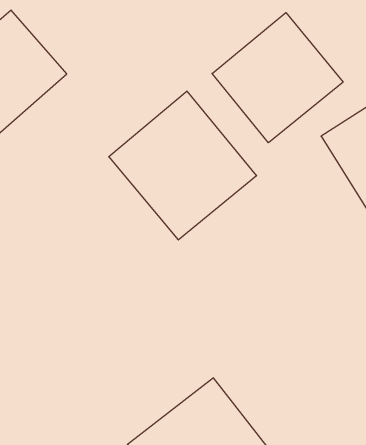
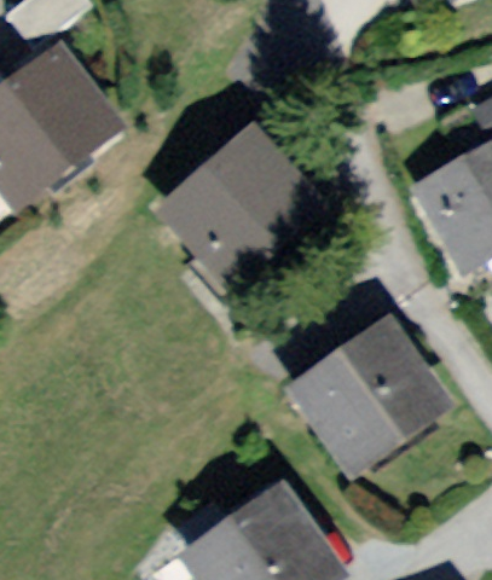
building: [212,13,343,143] -> none
building: none -> [278,313,455,487]

